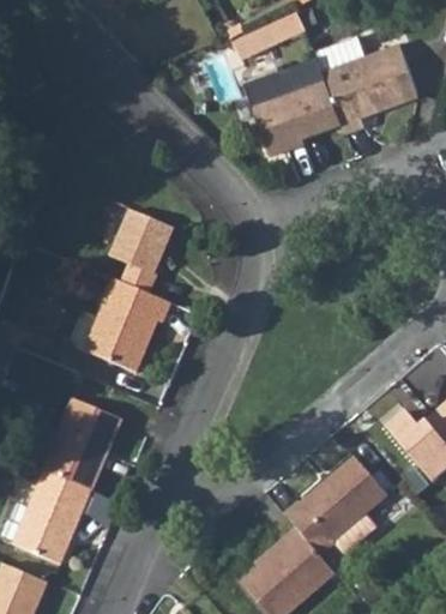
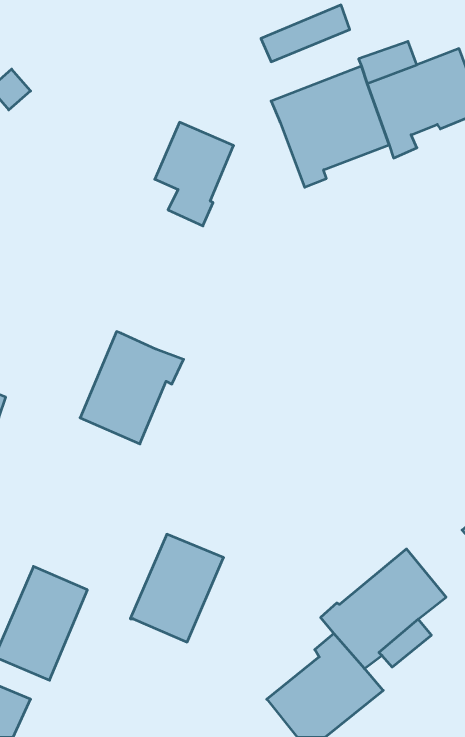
building: [108,207,173,293] -> [155,122,234,226]
building: [44,402,121,490] -> [130,534,224,642]

